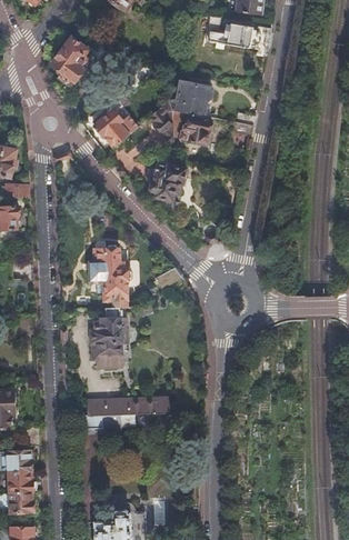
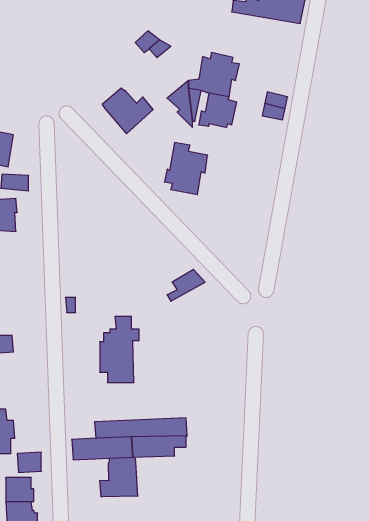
building: [52,38,88,89] -> none
building: [89,244,131,308] -> none
building: none -> [100,457,137,497]

